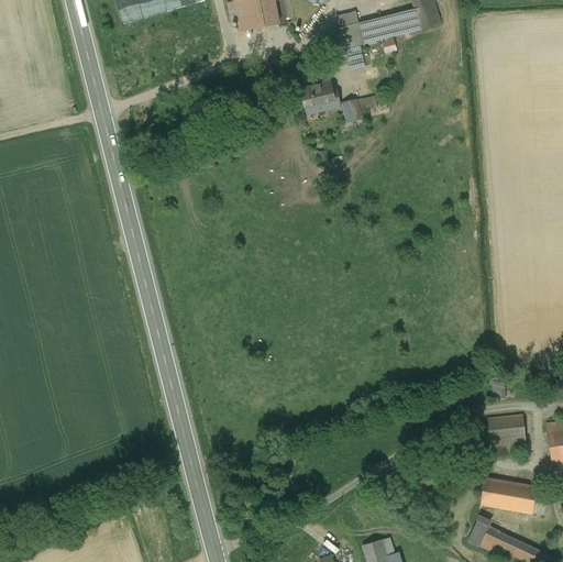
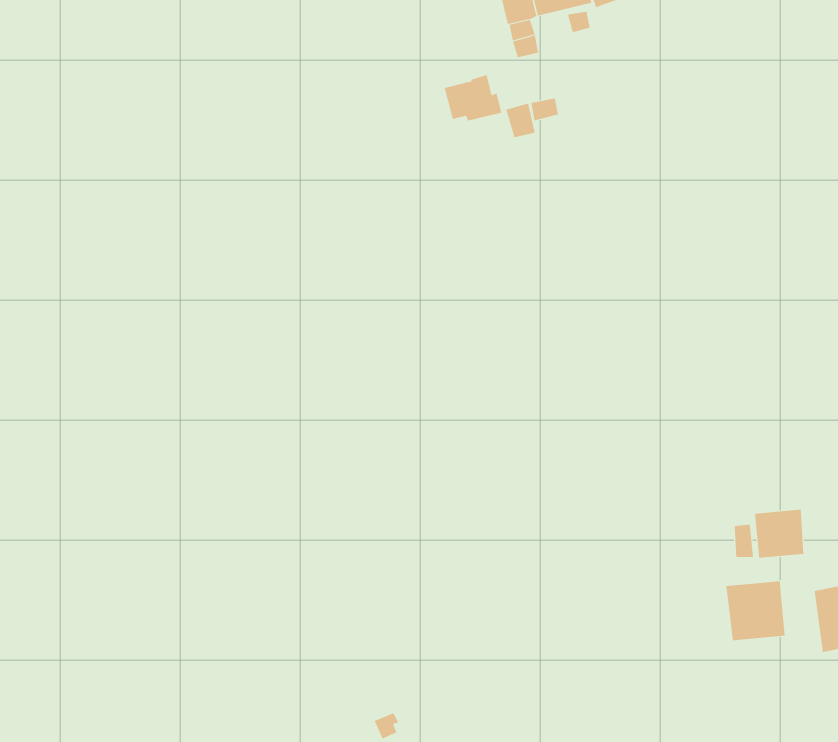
building: none -> [755,509,804,558]
building: [481,477,537,511] -> none

